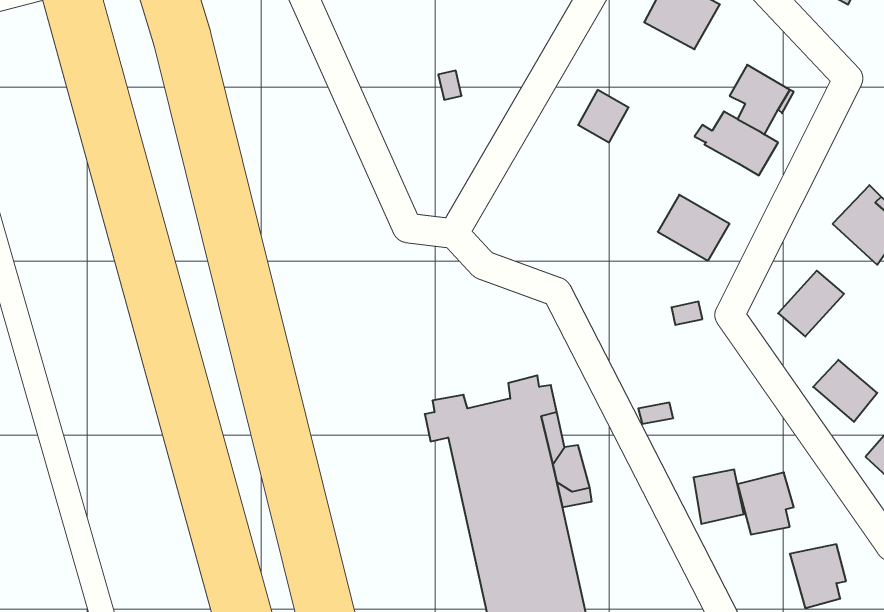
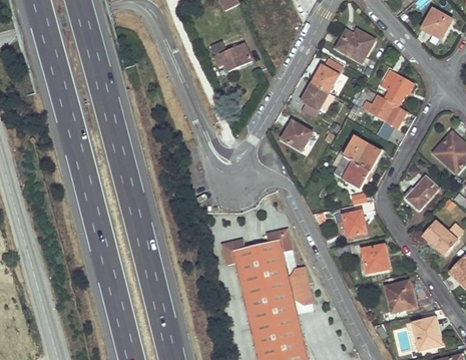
building: none -> [208,40,252,70]
building: none -> [312,64,338,91]
building: none -> [282,120,312,149]
building: none -> [334,155,369,187]
building: none -> [342,211,366,236]
building: [693,470,744,524] -> [362,245,388,273]

